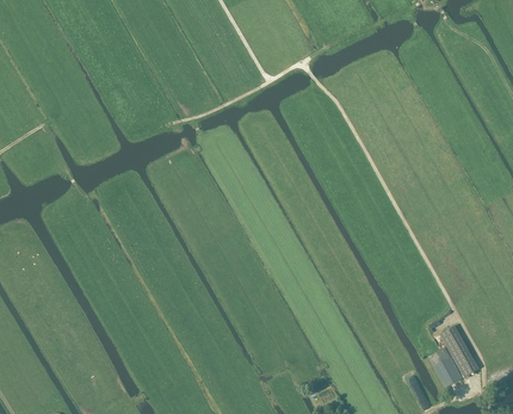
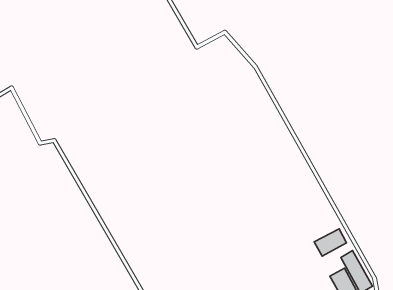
building: none -> [314,229,347,256]

